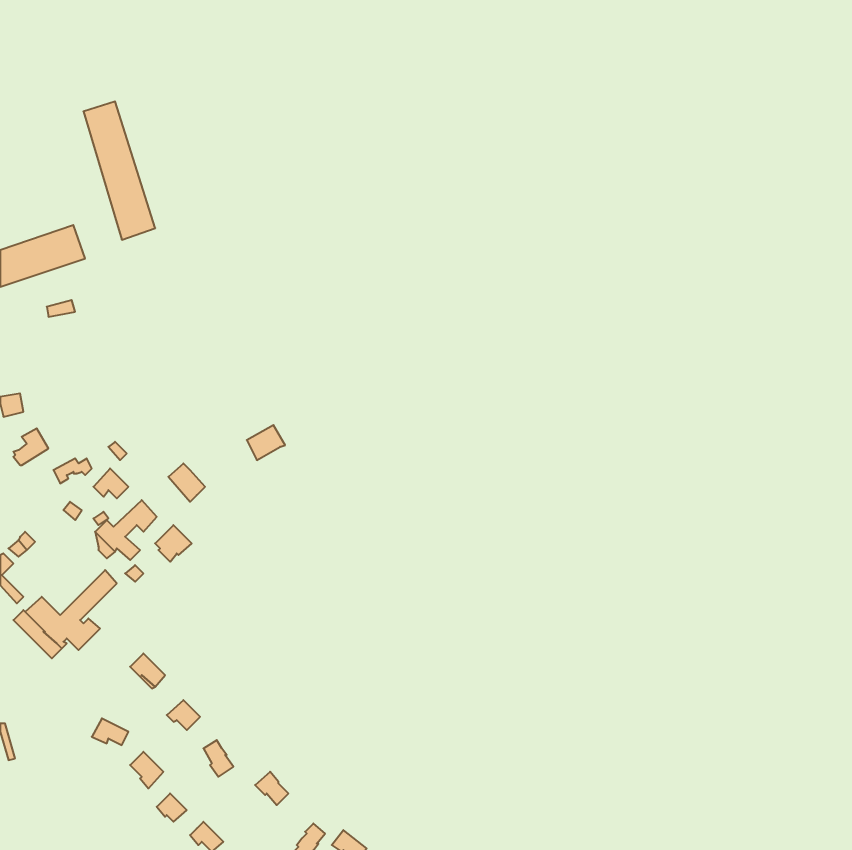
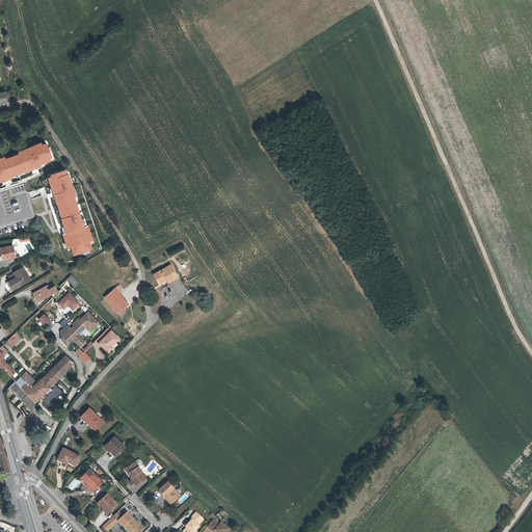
building: [83,101,155,240] -> [48,170,92,257]

